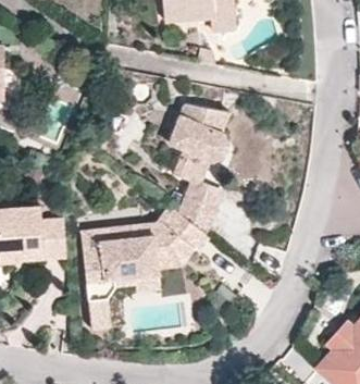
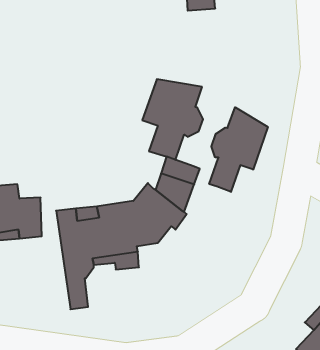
building: none -> [209,107,268,192]

